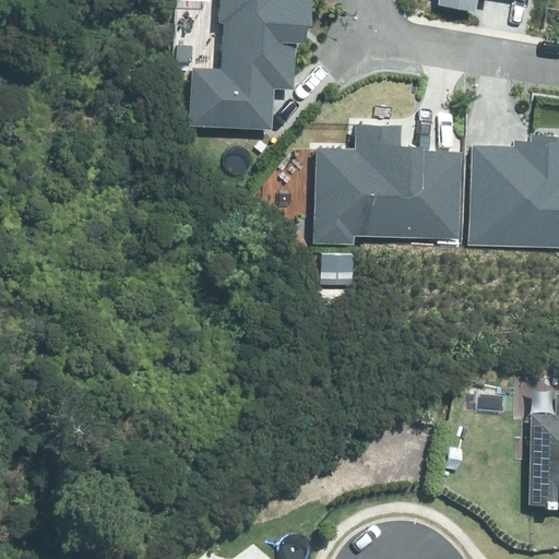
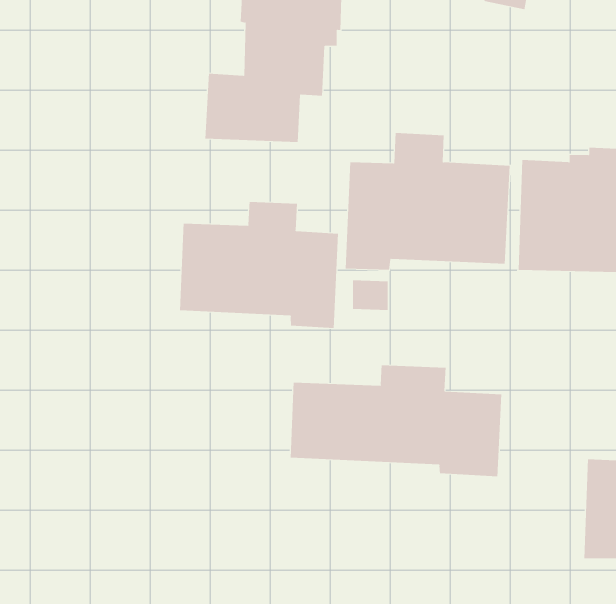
building: none -> [179,201,338,329]
building: none -> [290,364,502,477]

